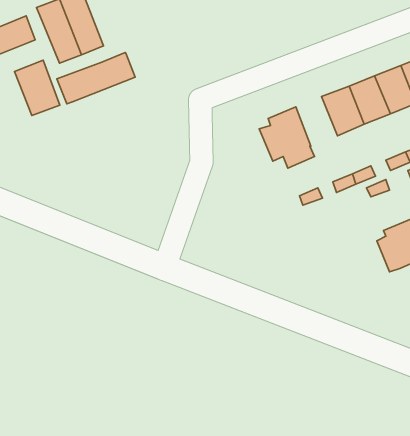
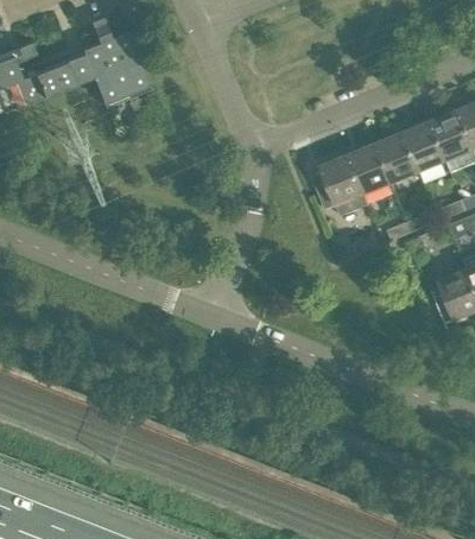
building: [57,52,135,104] -> none
building: [14,60,60,116] -> none
building: none -> [348,142,391,194]

